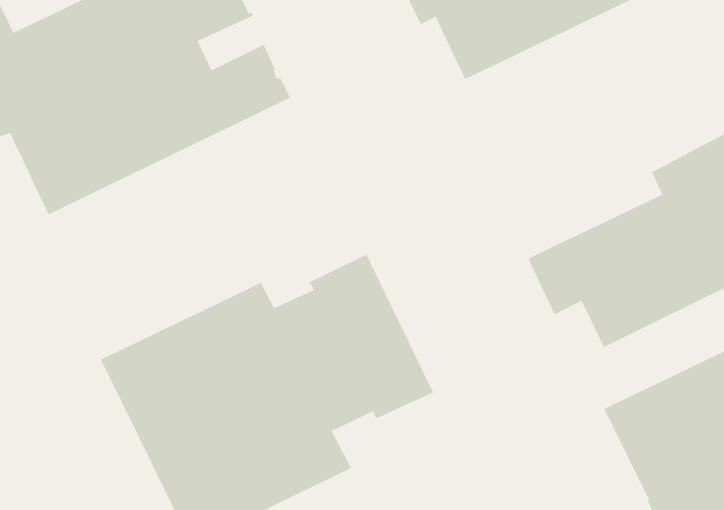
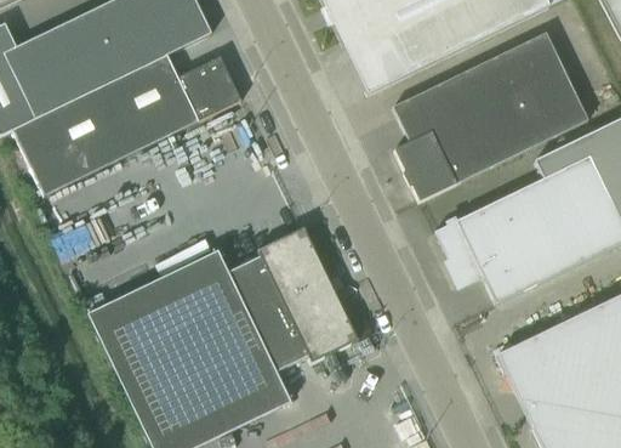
building: none -> [392,32,588,200]

